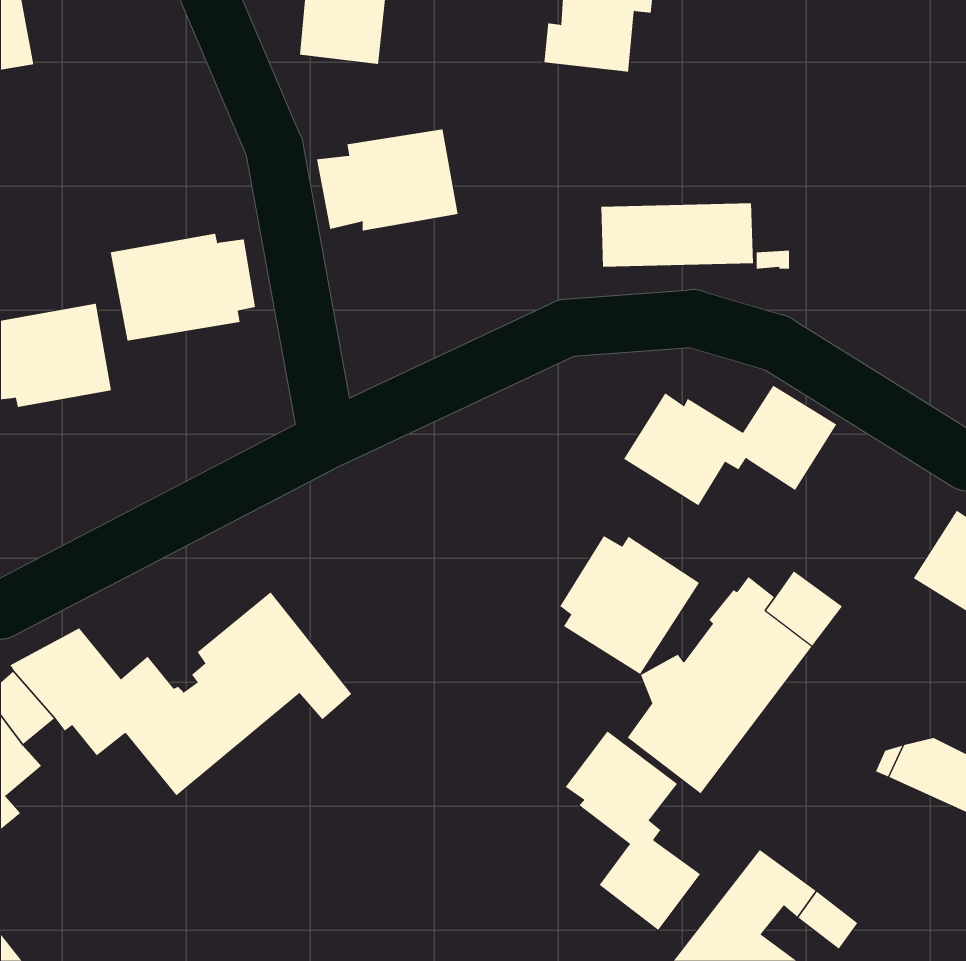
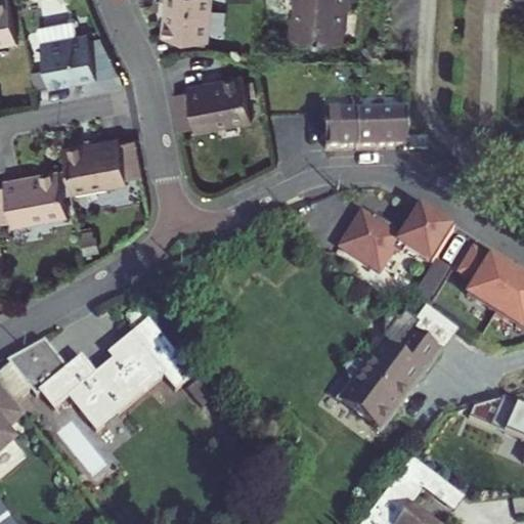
building: none -> [41,11,98,81]
building: none -> [456,247,518,312]
building: [559,535,700,675] -> none
building: [565,730,701,931] -> none

